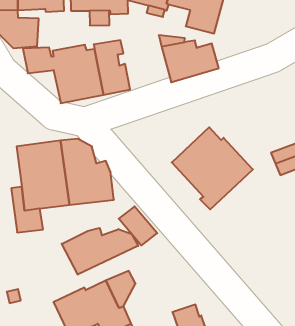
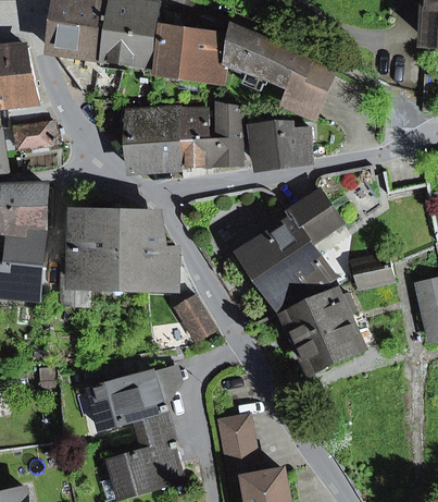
building: none -> [209,102,241,166]
building: none -> [286,191,340,237]
building: none -> [284,289,359,369]
building: [62,228,138,275] -> none

